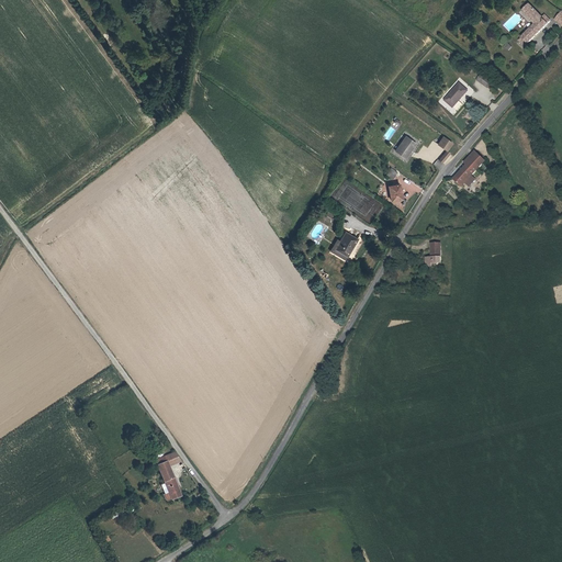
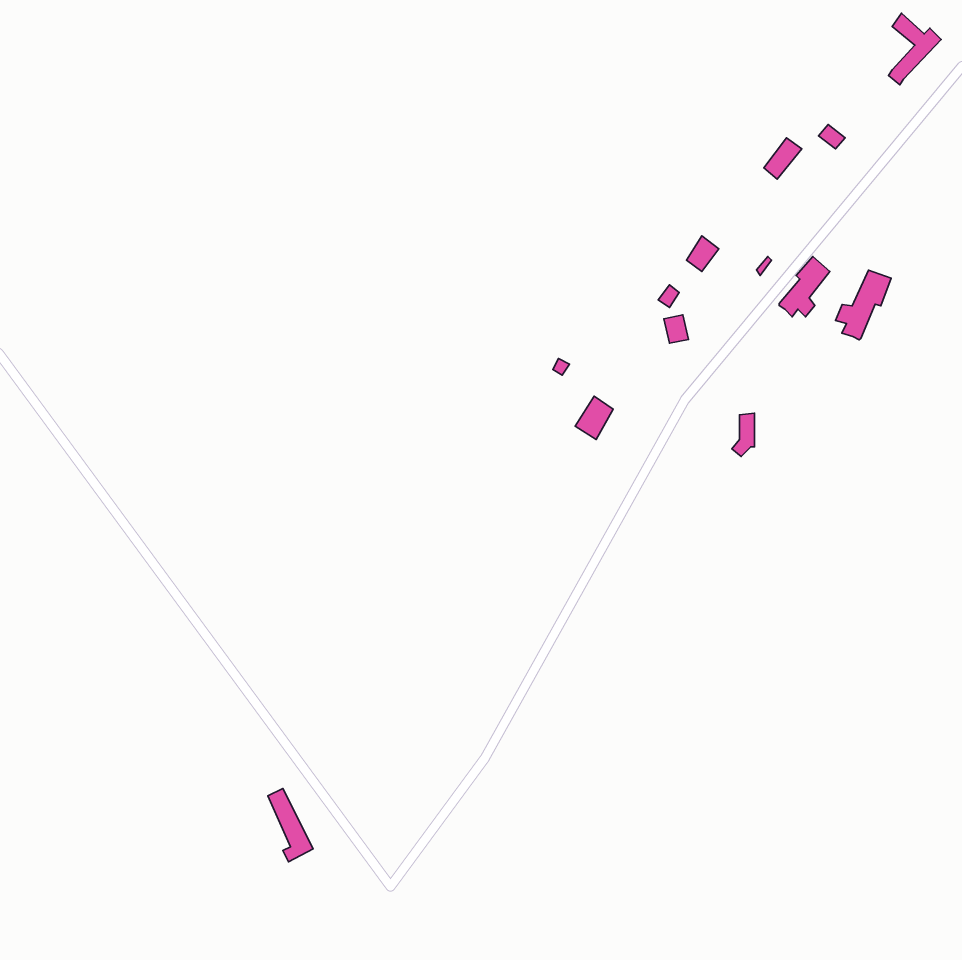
building: none -> [836,270,891,340]

